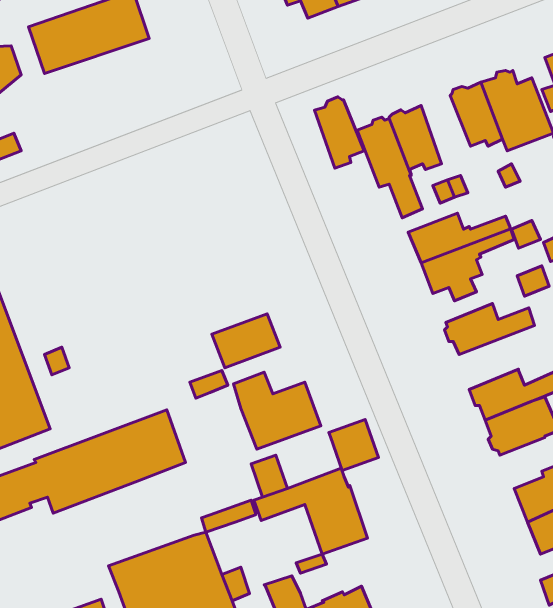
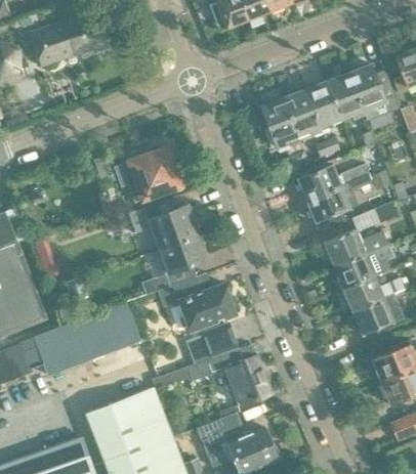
building: [315,97,364,168] -> [306,80,341,130]
building: none -> [94,143,184,202]
building: none -> [126,202,198,250]
building: none -> [333,244,392,289]
building: [329,420,378,470] -> [203,322,238,358]

